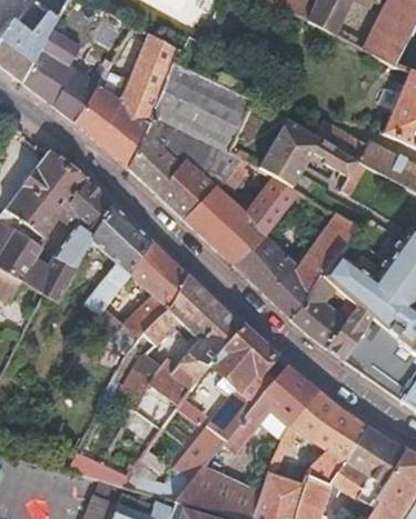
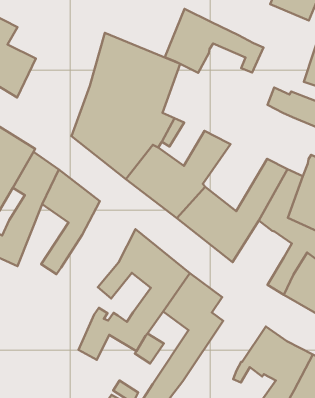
building: [75,32,179,169] -> none
building: [261,120,368,194] -> [165,9,263,73]
building: [91,241,189,355] -> none
building: [290,277,346,347] -> none
building: [225,365,320,455] -> none

